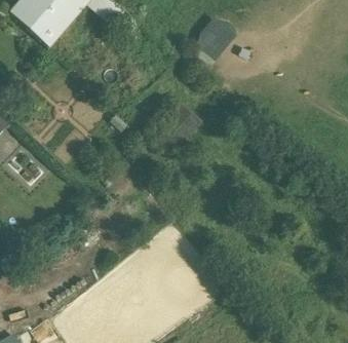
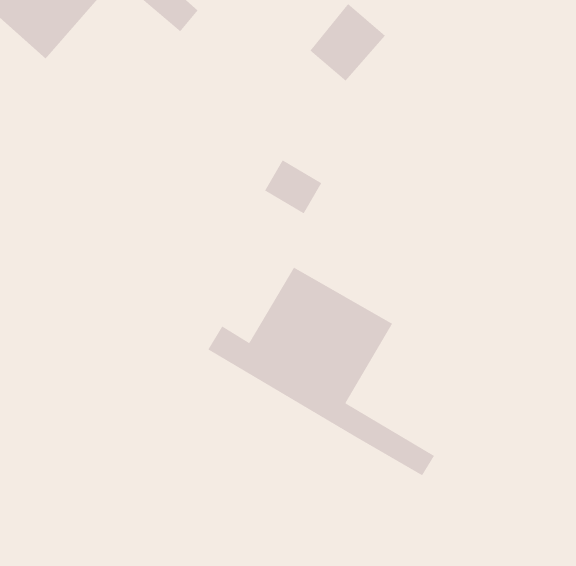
building: none -> [207,267,435,476]

